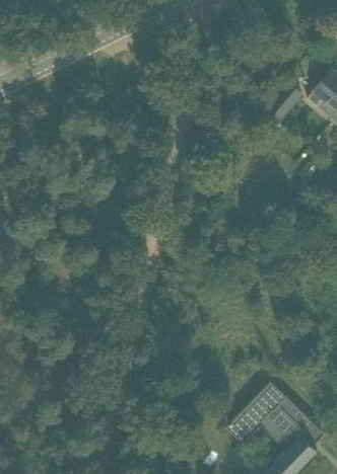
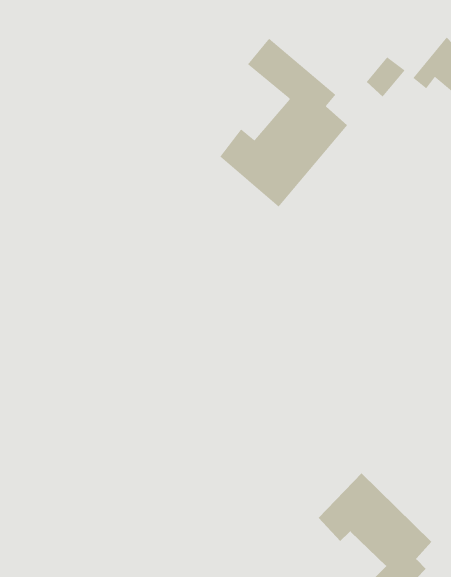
building: none -> [219,38,348,207]

